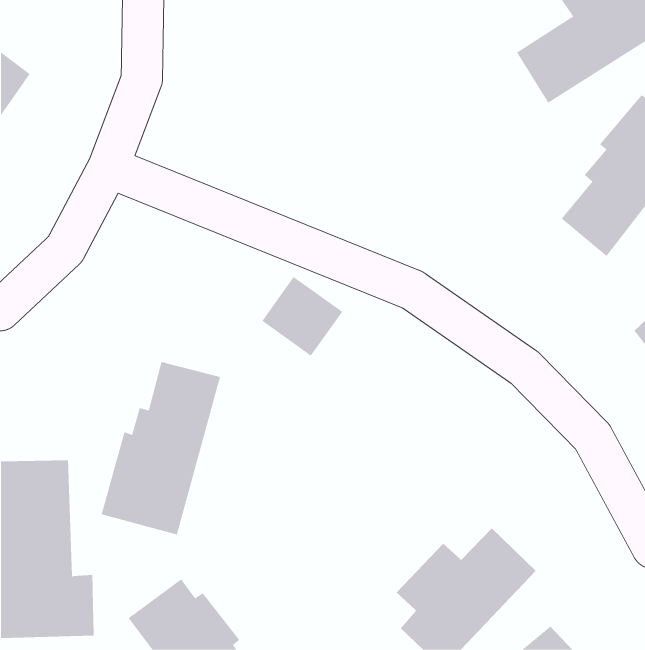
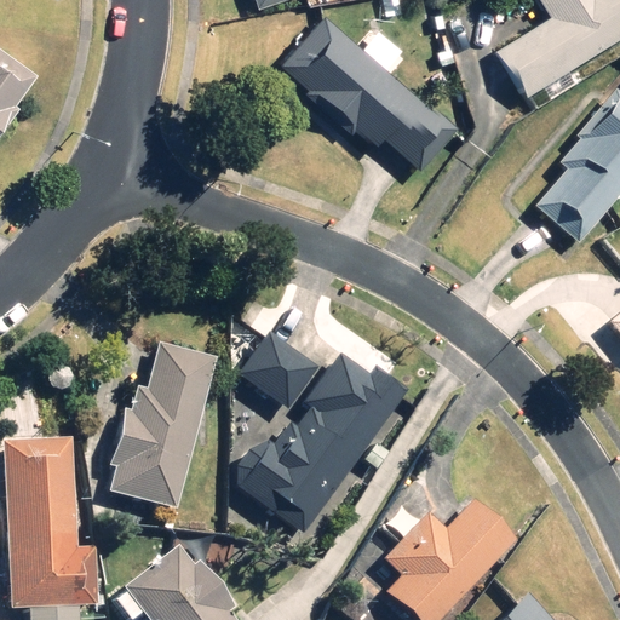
building: none -> [277,13,460,171]
building: [261,276,343,357] -> [240,333,317,409]
building: none -> [230,354,407,533]

